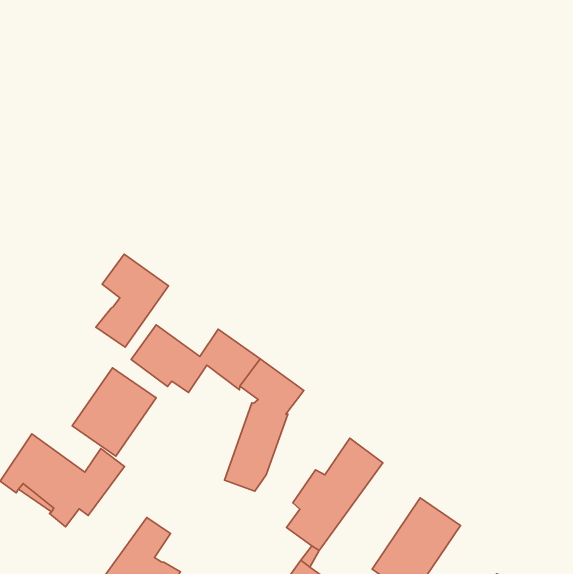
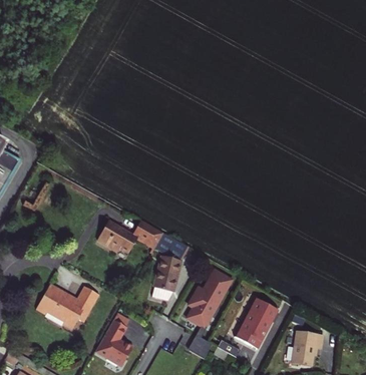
building: [96,254,169,347] -> none
building: [72,368,156,456] -> none

